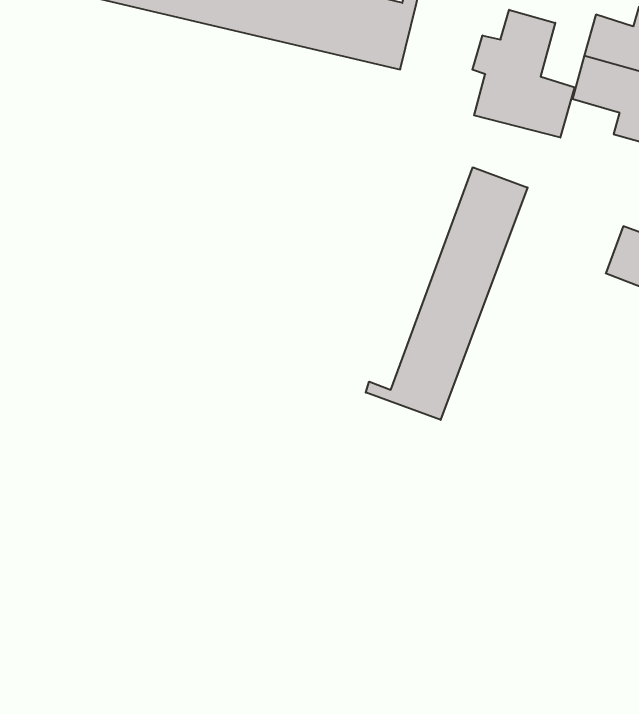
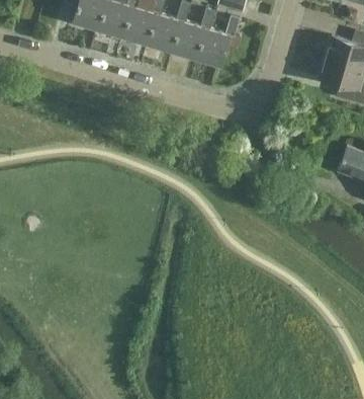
building: [472,10,574,138] -> none
building: [366,167,528,420] -> none

